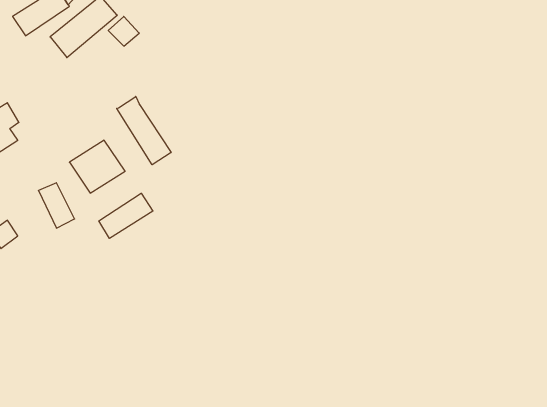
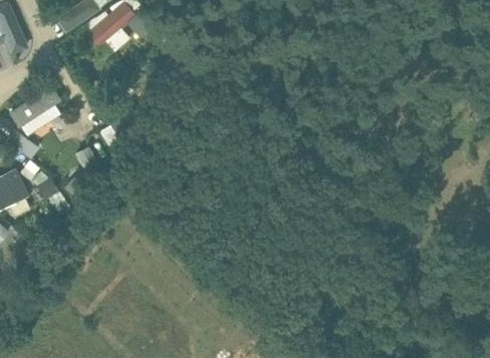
building: [117,96,171,165] -> none
building: [99,193,153,238] -> none

